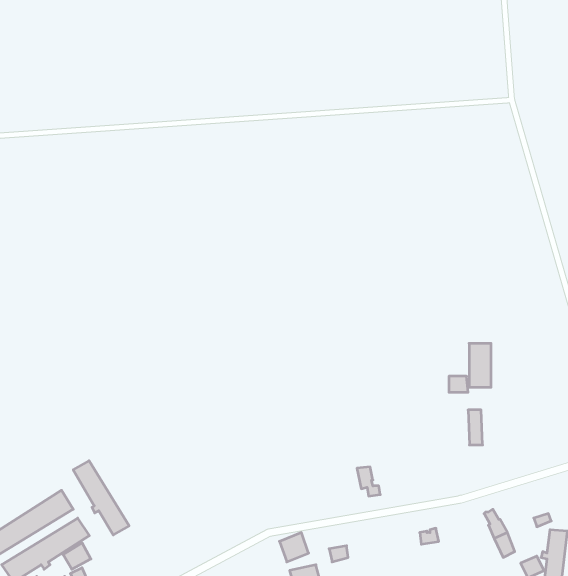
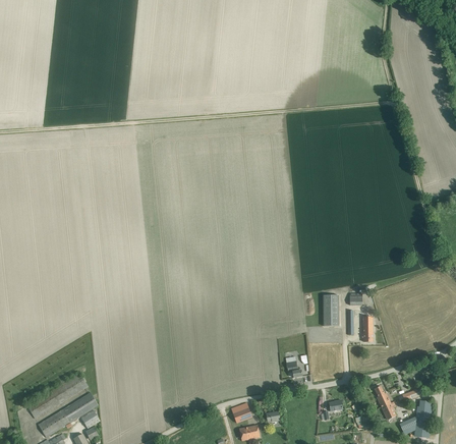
building: [469,343,491,387] -> [323,294,338,325]
building: [73,461,129,535] -> none

